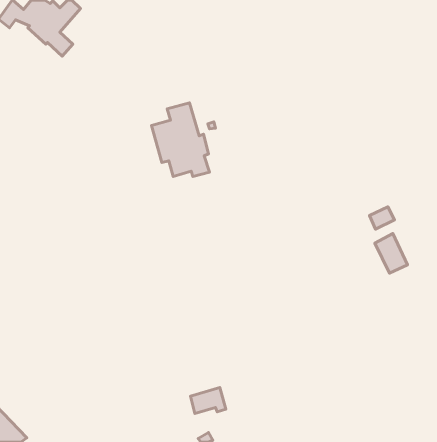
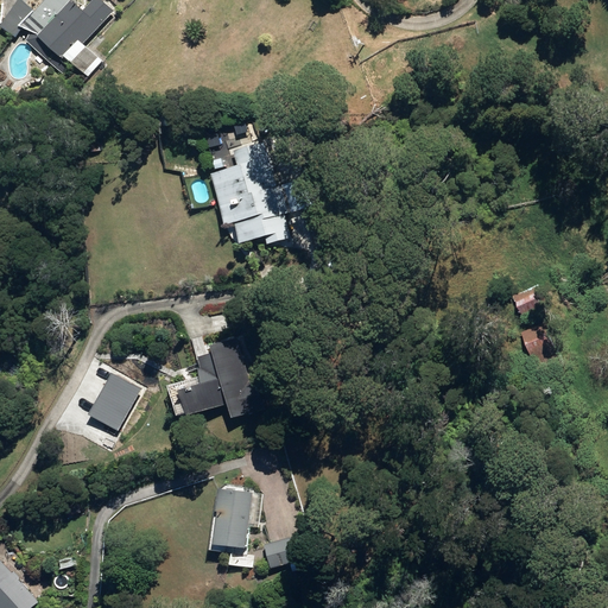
building: none -> [182,337,261,417]
building: none -> [88,375,138,431]
building: none -> [214,487,249,547]

